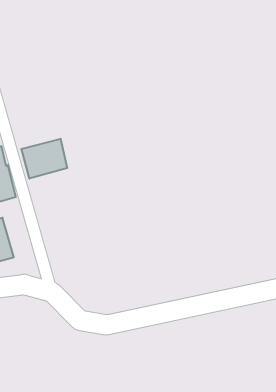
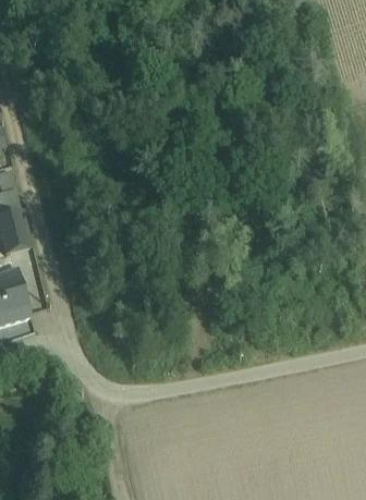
building: [21,139,67,179] -> none

